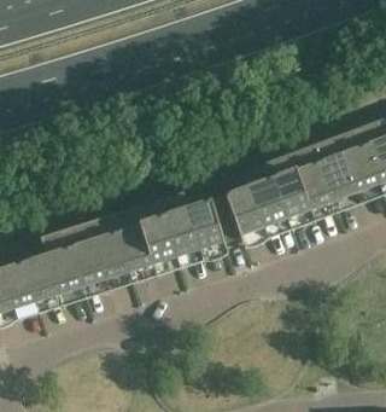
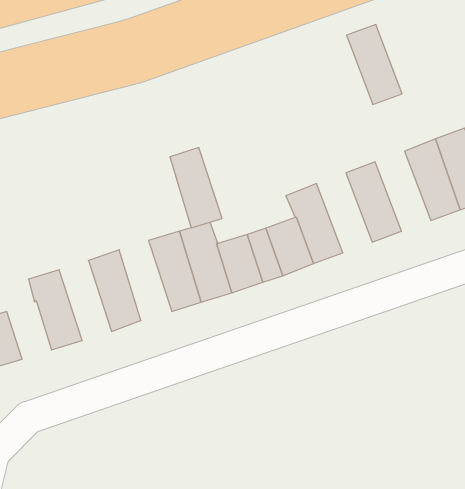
building: [314,139,357,202] -> [347,24,402,105]
building: [268,156,311,219] -> none
building: [113,209,154,272] -> [170,148,222,228]
building: [66,225,107,288] -> none
building: [25,256,60,302] -> none

